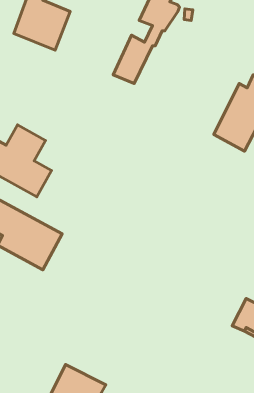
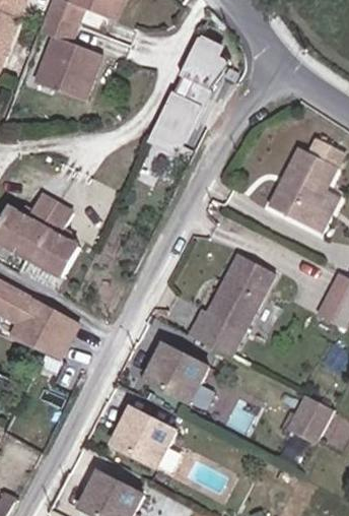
building: none -> [186,255,270,354]
building: none -> [142,342,206,402]
building: none -> [110,407,175,467]

